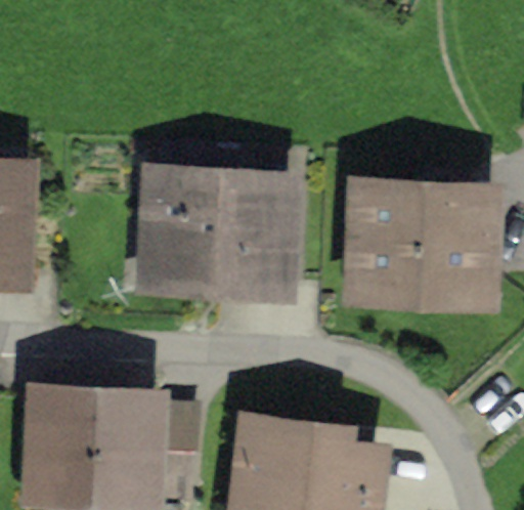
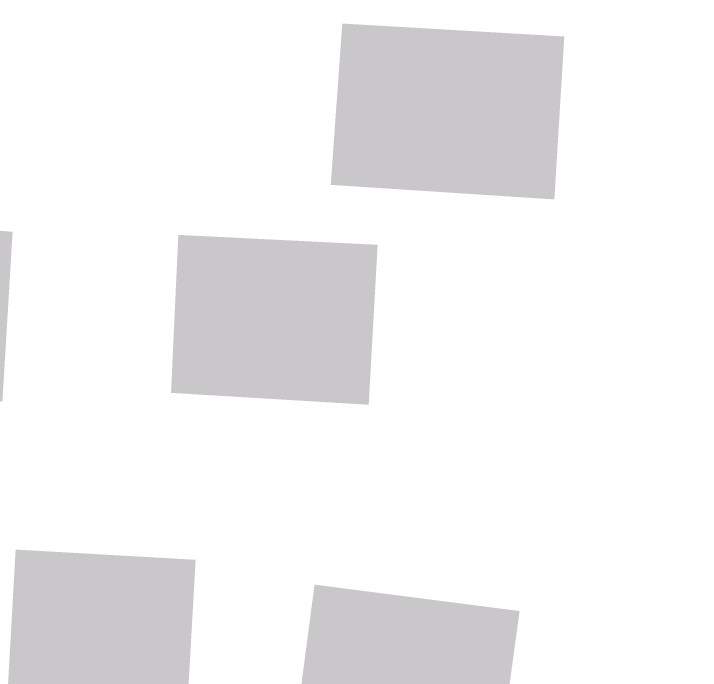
building: none -> [330,23,565,200]
building: [345,184,497,309] -> none

